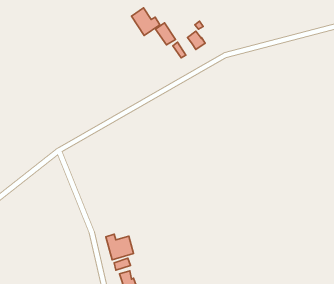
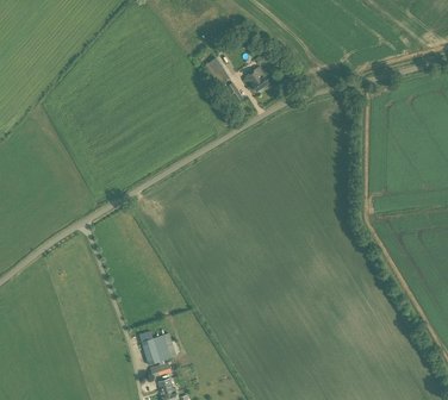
building: [132,8,160,35] -> none

